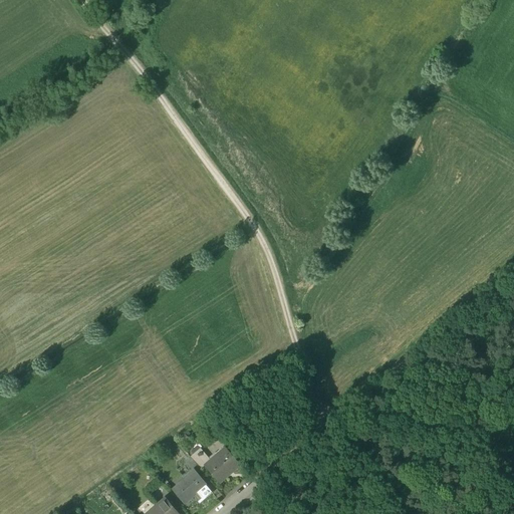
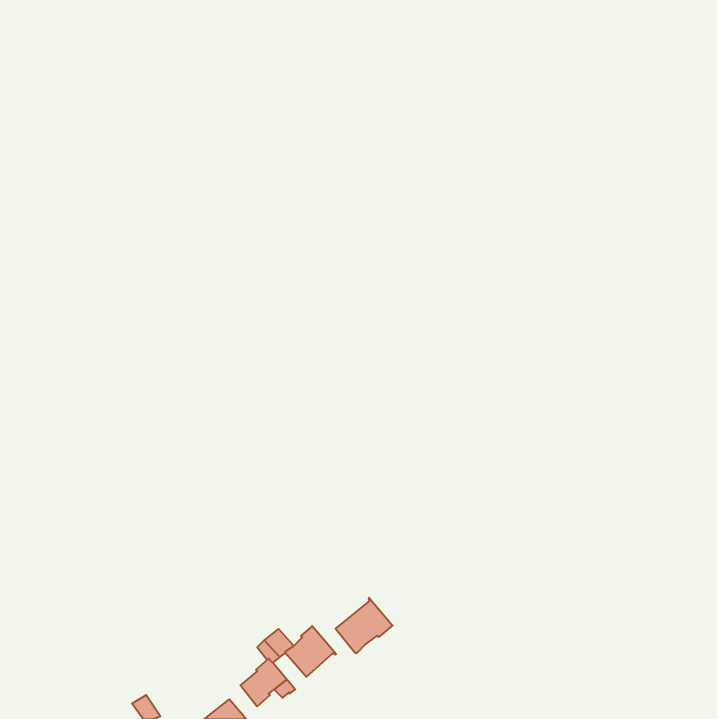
building: none -> [336,598,393,653]

